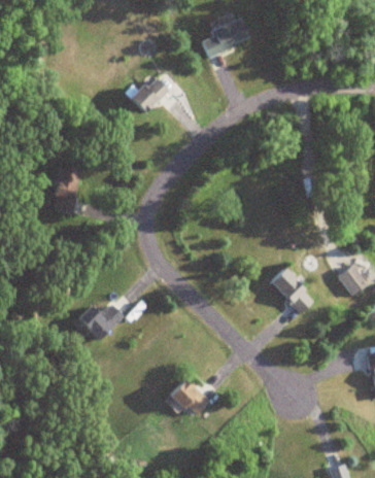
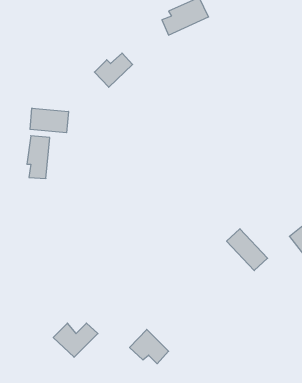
building: none -> [30,108,68,133]
building: [77,304,126,341] -> [53,323,98,357]

